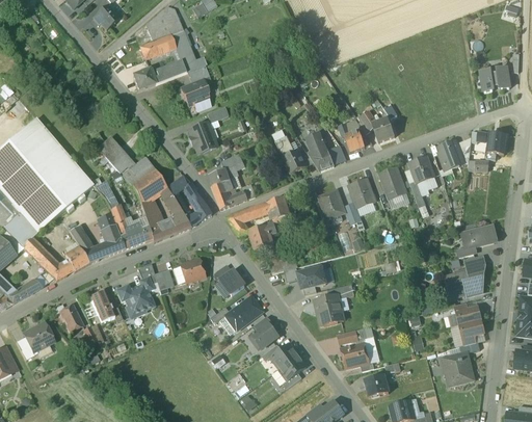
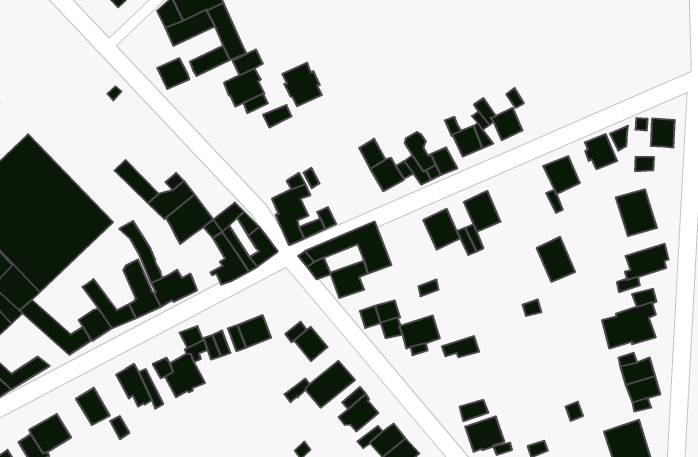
building: [480,68,510,91] -> none
building: [188,123,216,154] -> [282,63,322,106]
building: [379,166,406,199] -> [537,237,575,282]
building: none -> [616,189,657,236]
building: [140,197,169,241] -> none
building: [315,294,344,324] -> none

